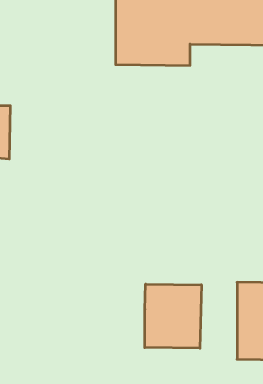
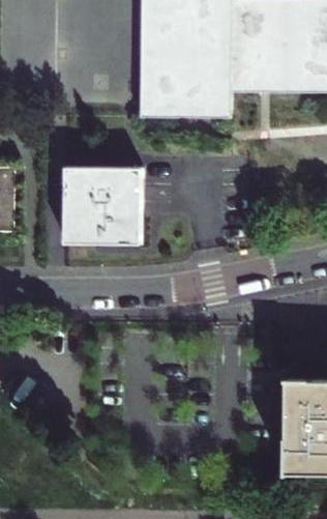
building: none -> [65,167,141,243]
building: [145,284,201,348] -> none

